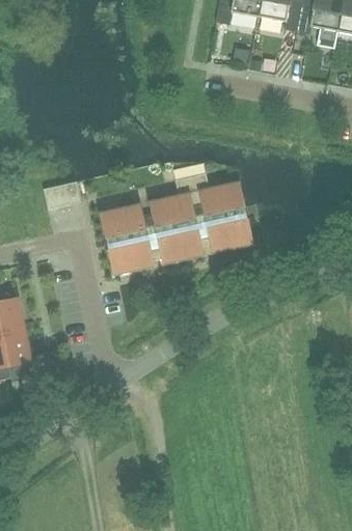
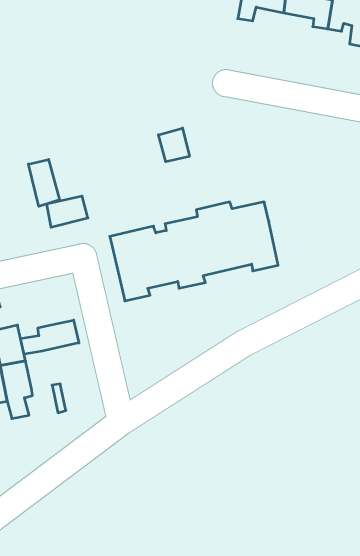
building: none -> [158,128,189,162]
building: none -> [28,159,60,206]
building: none -> [21,320,79,354]

